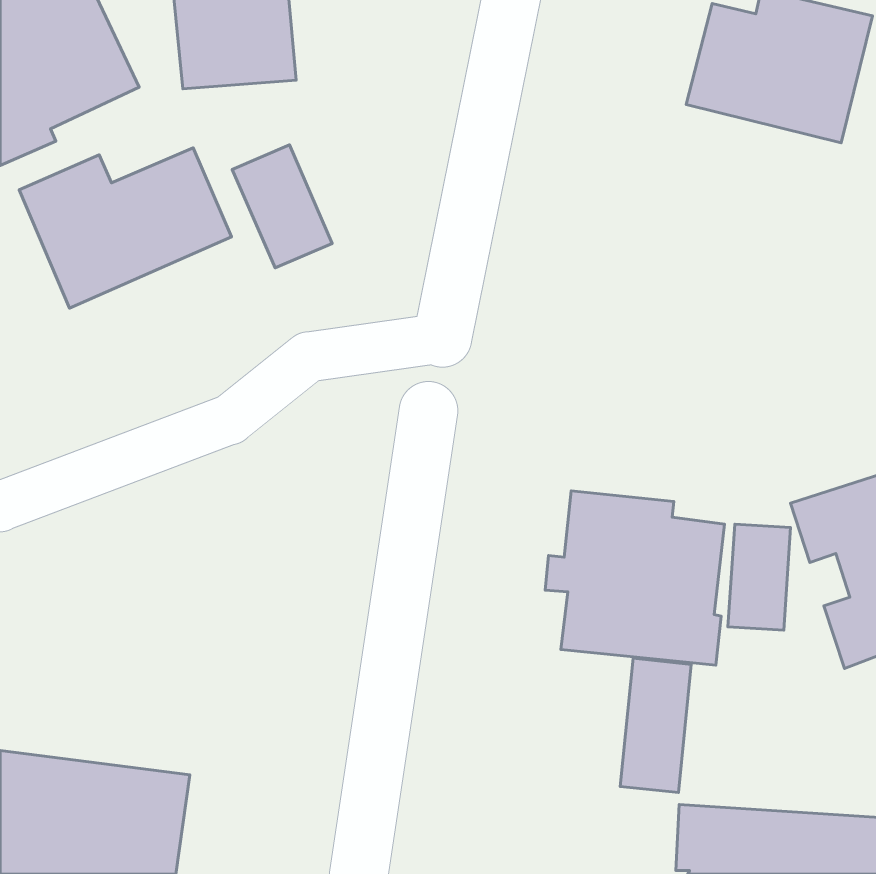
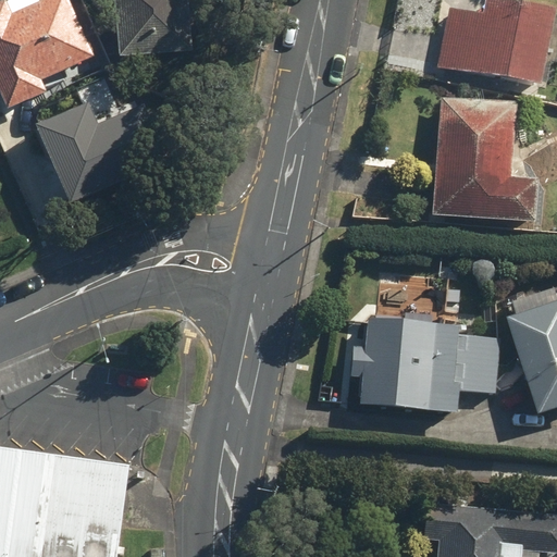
building: [232,145,332,268] -> none
building: none -> [432,92,533,224]
building: [620,658,691,793] -> none

